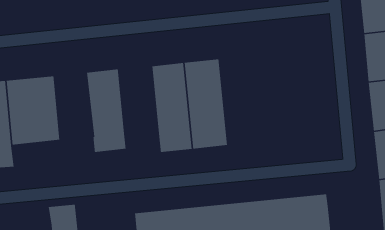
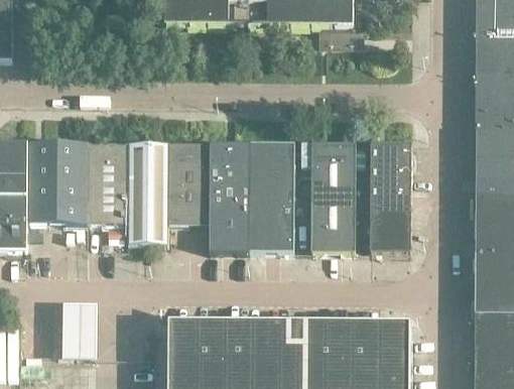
building: none -> [371,143,411,252]
building: none -> [311,142,356,252]
building: none -> [168,141,211,223]
building: none -> [88,141,129,222]

